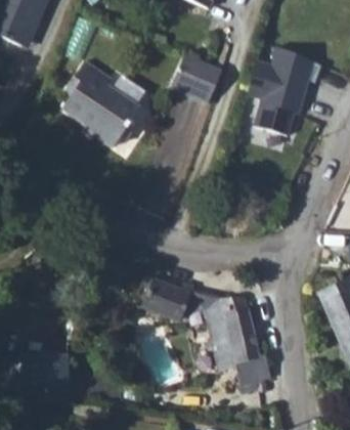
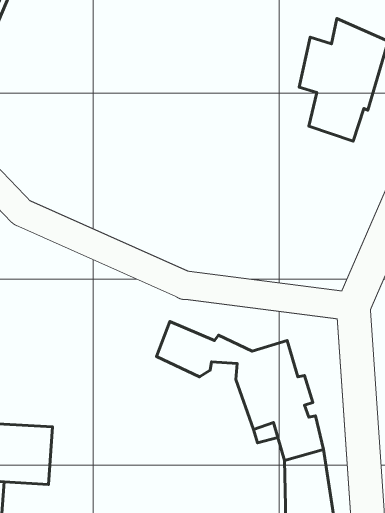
building: [167,54,217,102] -> none
building: [56,59,132,144] -> none

